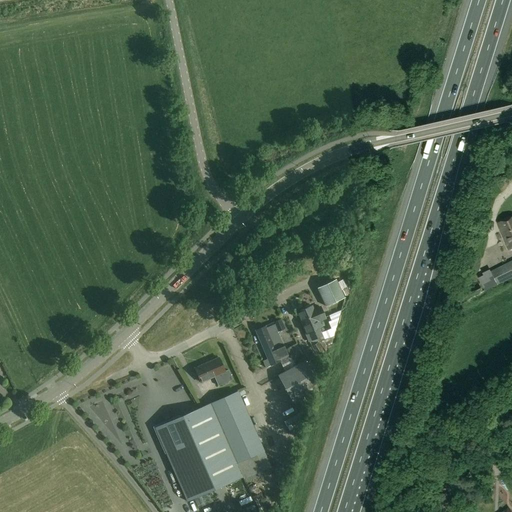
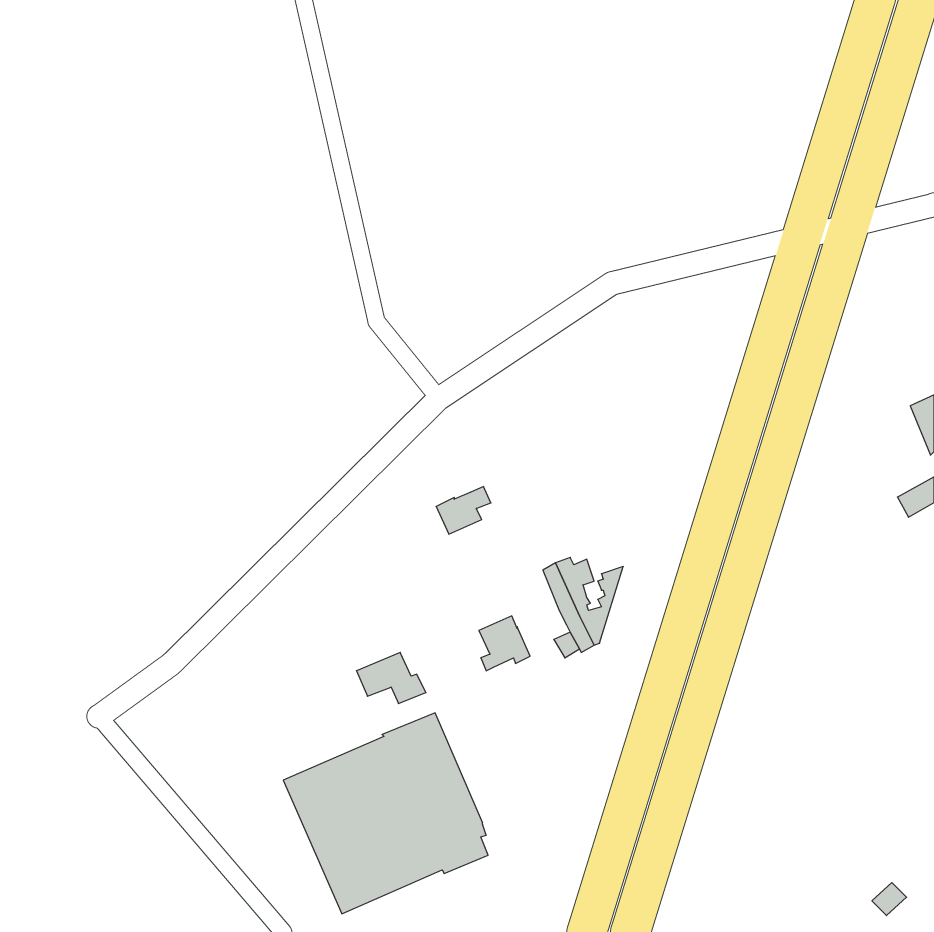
building: [317,278,344,306] -> none
building: [255,319,285,345] -> [436,487,491,534]
building: [278,342,318,402] -> none

